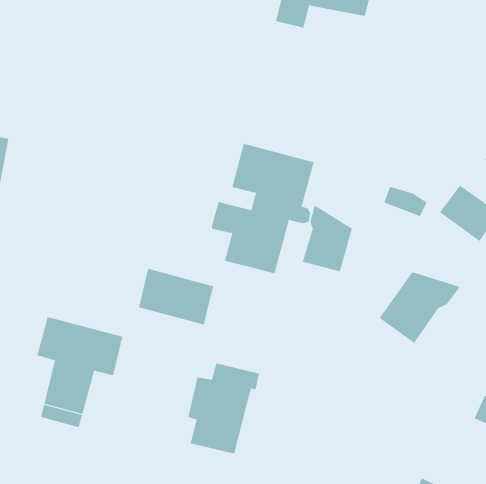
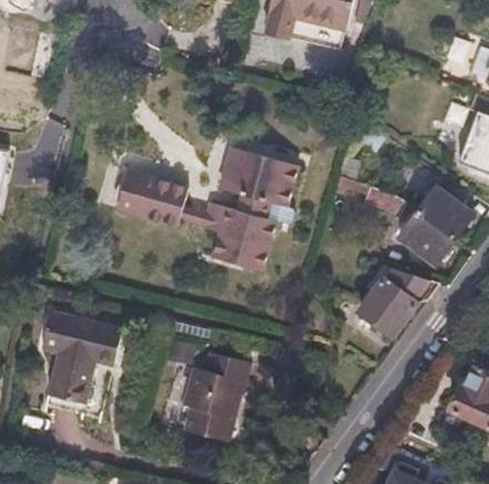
building: [302,204,352,272] -> none
building: none -> [399,213,454,265]
building: [138,268,214,325] -> [117,171,188,225]

